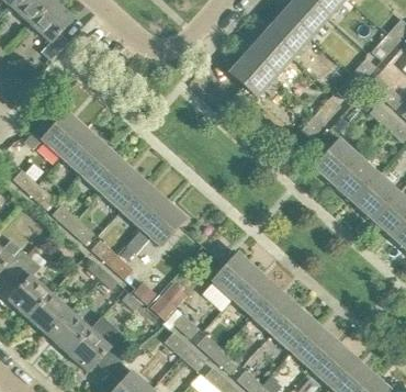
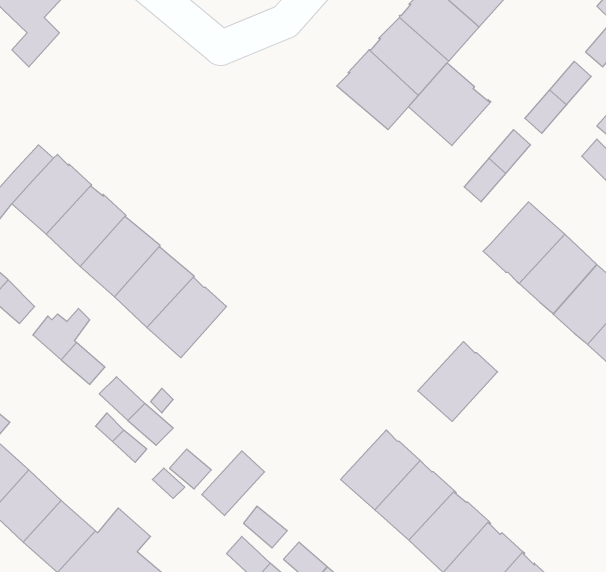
building: none -> [408,63,491,146]
building: [139,199,187,246] -> none
building: [212,253,258,299] -> [418,342,498,421]

